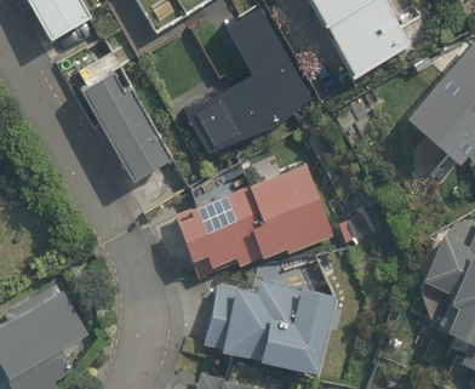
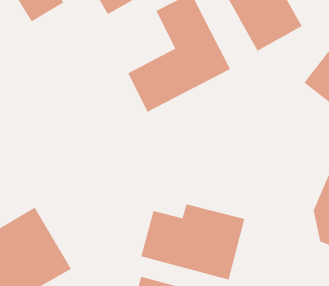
building: [76,52,178,187] -> none
building: [181,149,342,270] -> none

